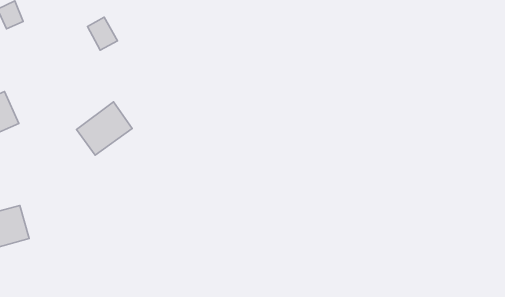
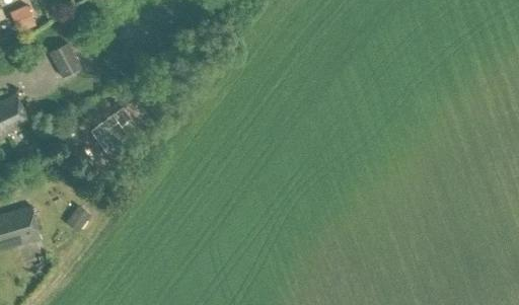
building: [88,17,118,50] -> [50,44,79,76]

